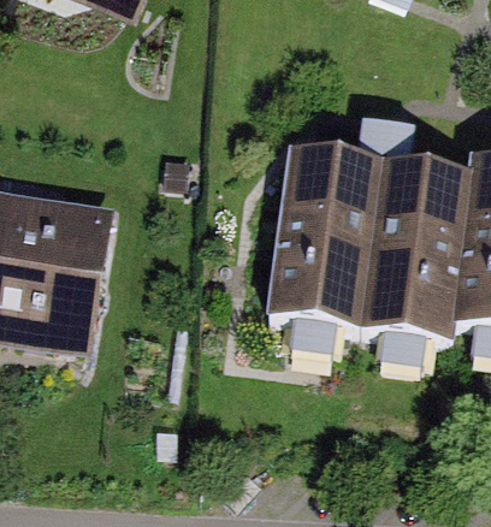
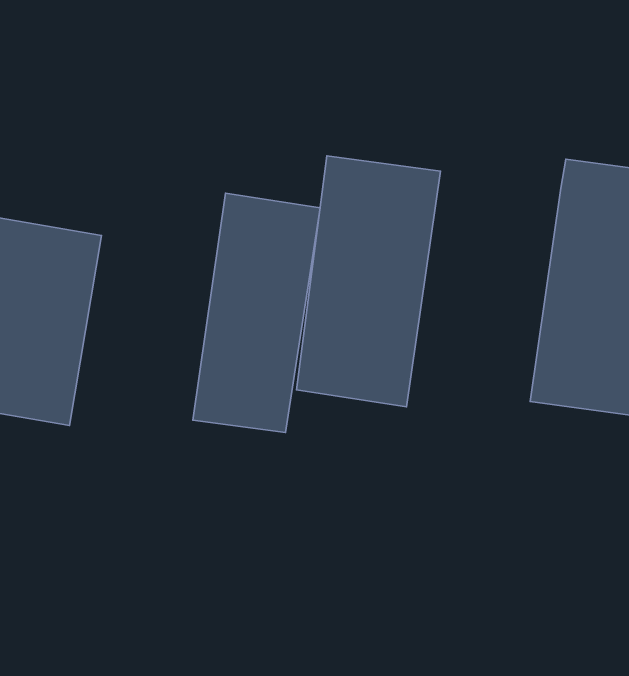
building: [331,162,440,342] -> none
building: none -> [193,193,320,432]

